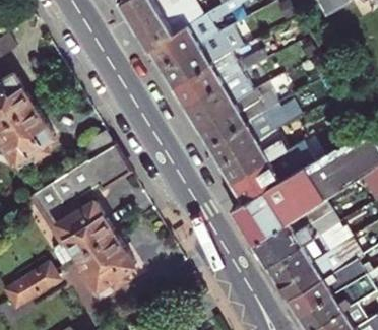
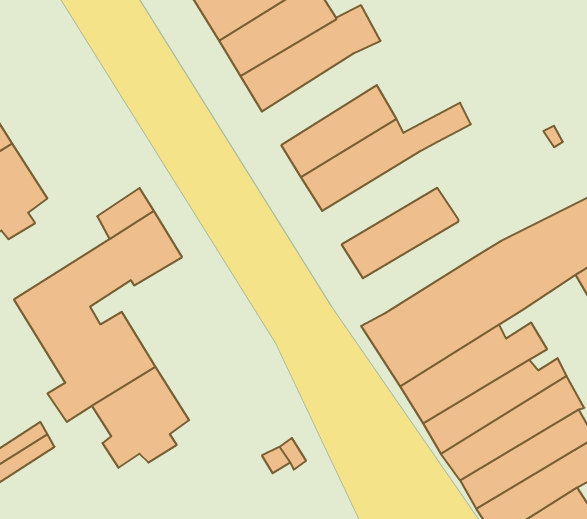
building: [175,46,254,106] -> none
building: [209,101,298,162] -> none
building: [233,141,312,202] -> none

